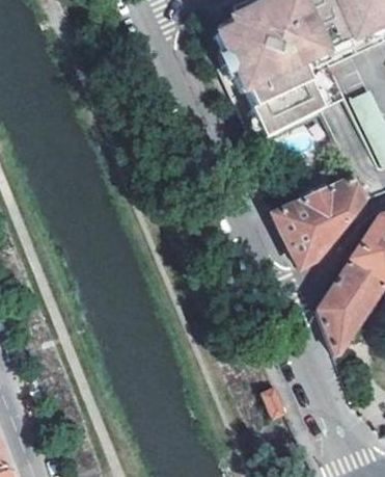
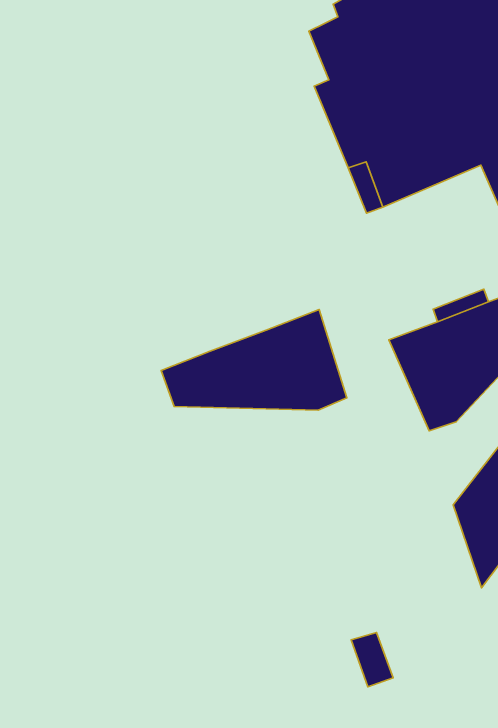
building: none -> [161,309,347,410]

